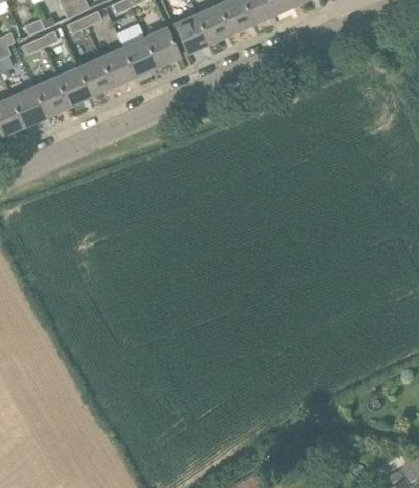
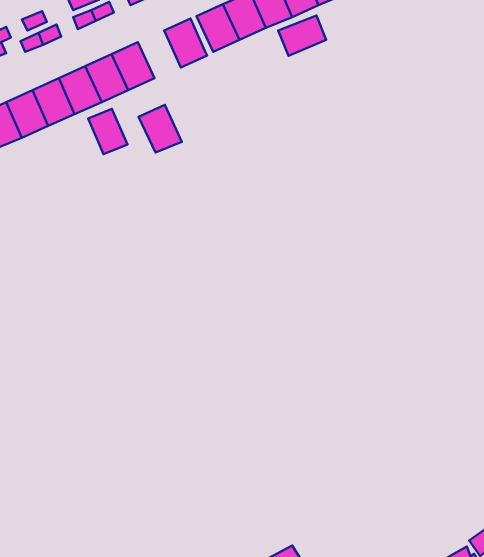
building: none -> [278,16,326,56]
building: [123,36,159,76] -> [139,105,182,153]
building: none -> [88,109,127,154]

